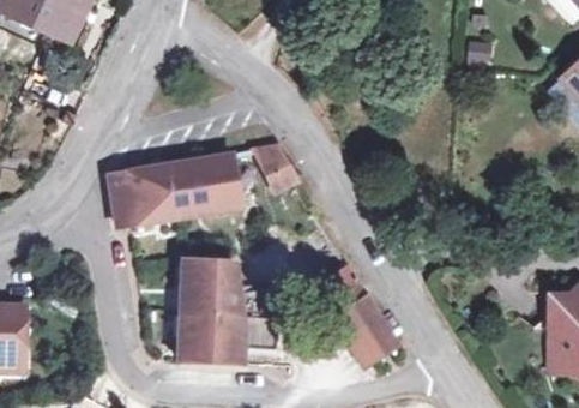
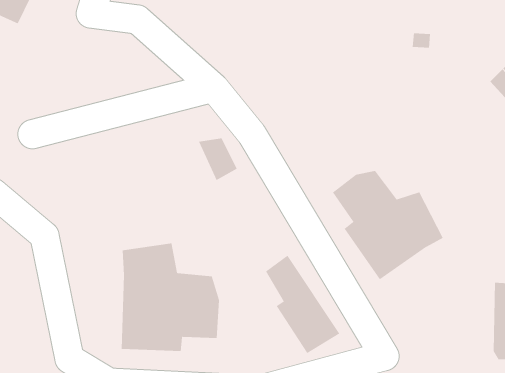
building: [109,157,237,228] -> none
building: none -> [332,170,443,280]

